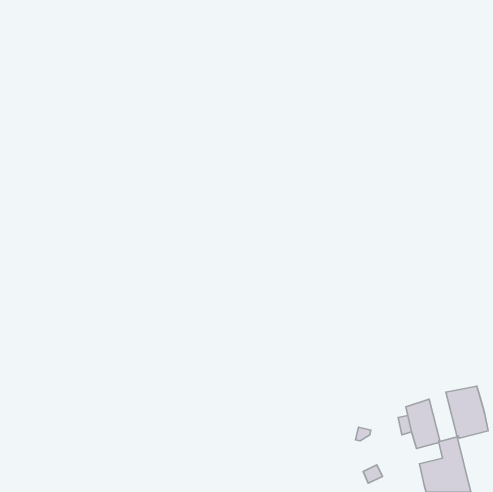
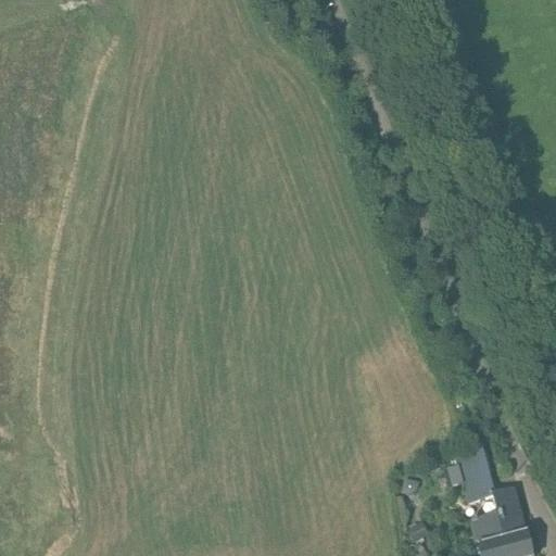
building: [446,386,488,438] -> none

